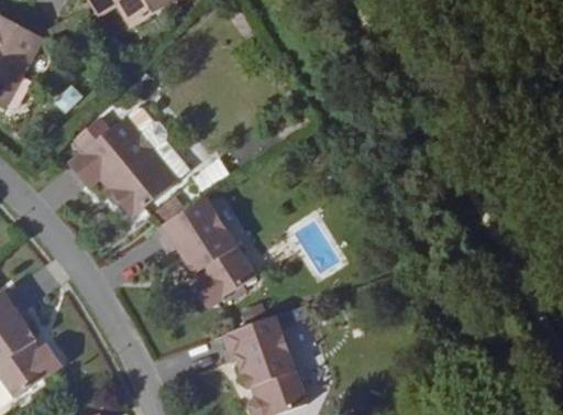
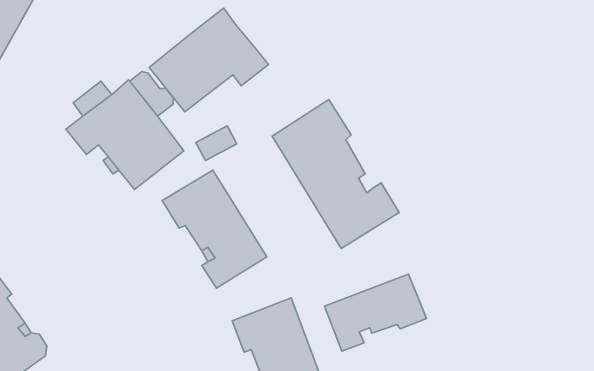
building: none -> [149,8,269,112]
building: none -> [272,99,399,249]
building: none -> [324,274,427,351]

